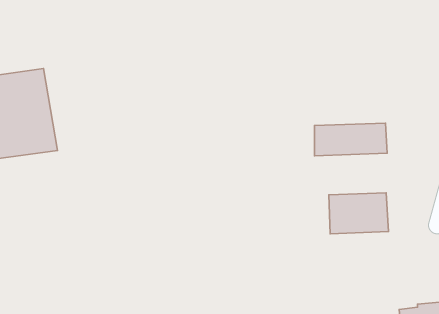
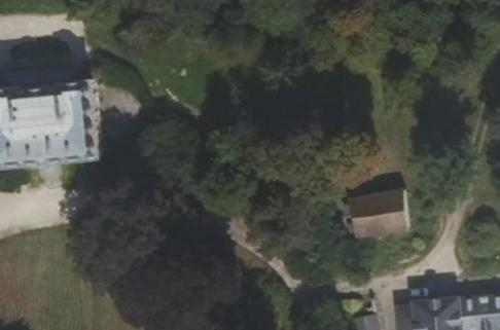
building: [314,123,387,156] -> none

